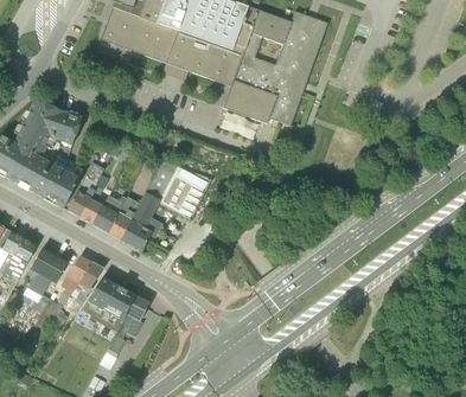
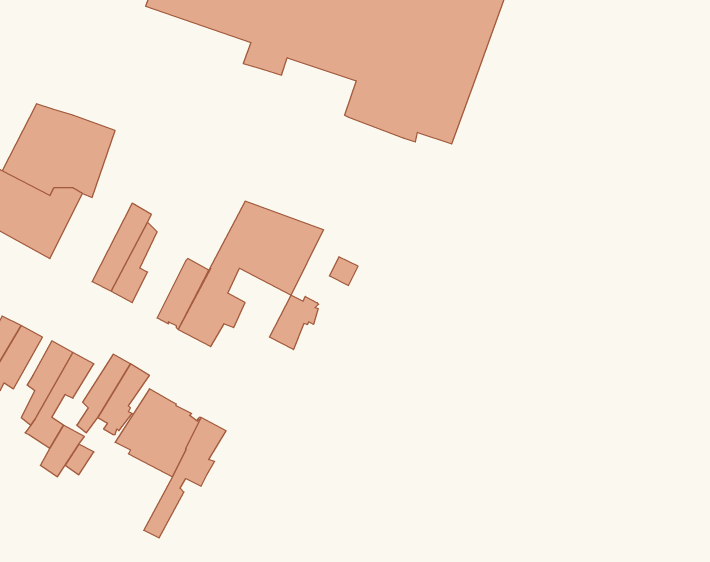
building: [42,155,84,207] -> none
building: [92,194,126,232] -> none
building: none -> [269,295,319,350]

